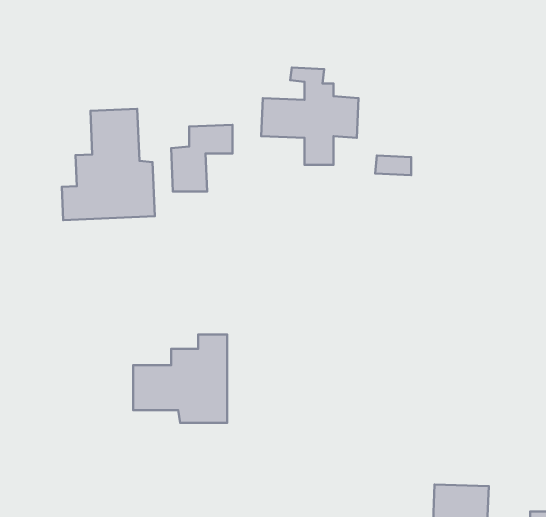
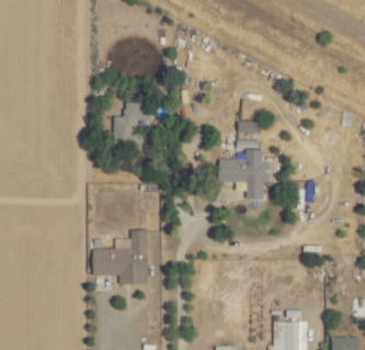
building: [261,67,359,165] -> [220,139,280,199]
building: [62,109,155,220] -> none

